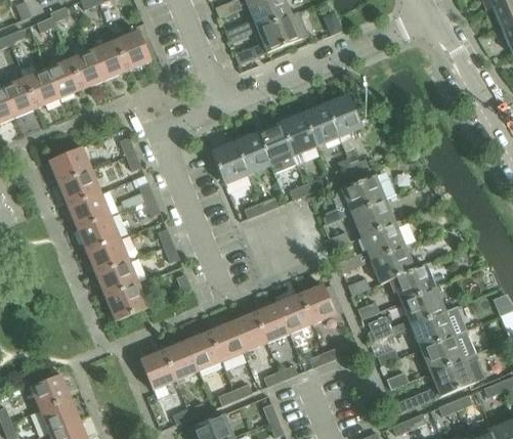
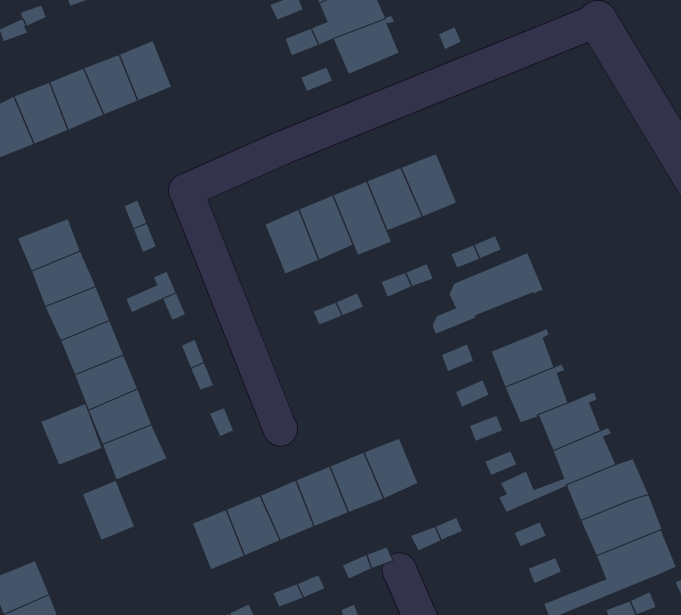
building: [326,94,361,137] -> none
building: [351,196,394,235] -> none
building: none -> [41,403,102,466]
building: [301,283,336,322] -> none
building: [141,349,176,389] -> [82,480,135,540]

